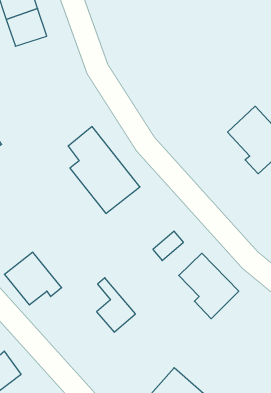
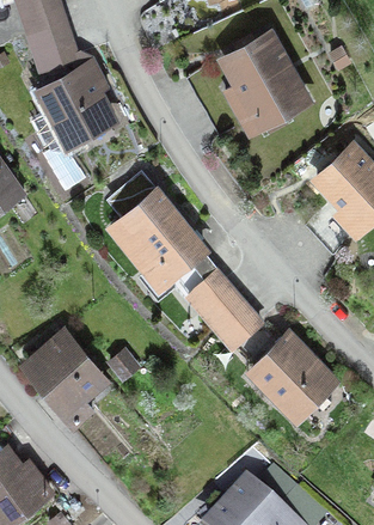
building: none -> [225,36,305,133]
building: none -> [36,68,111,151]
building: [97,278,135,332] -> [197,261,247,331]

